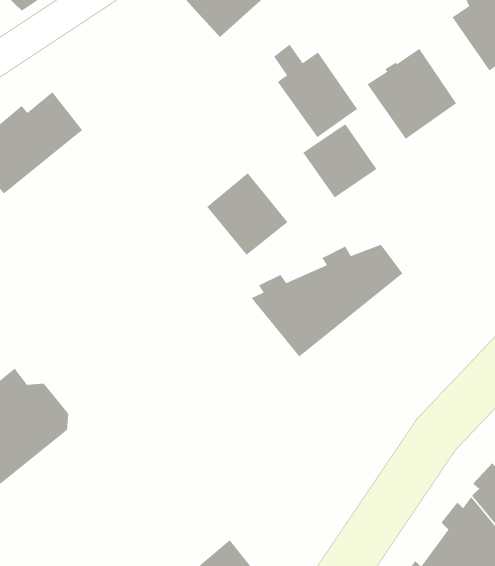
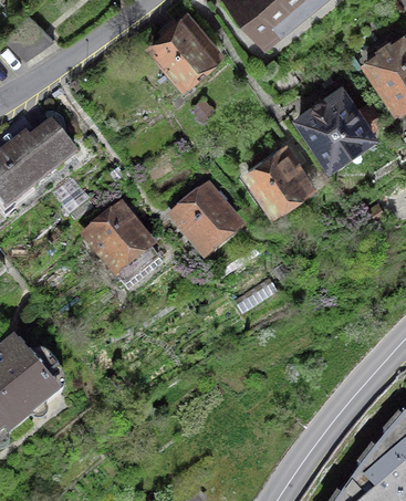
building: [273,44,358,138] -> none
building: none -> [84,209,157,284]
building: [250,244,403,357] -> none

